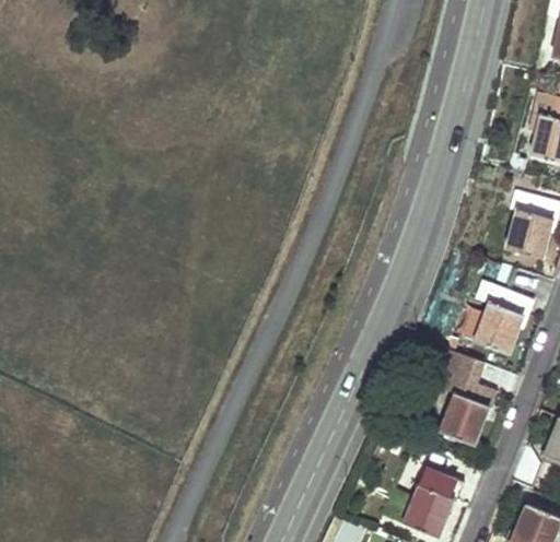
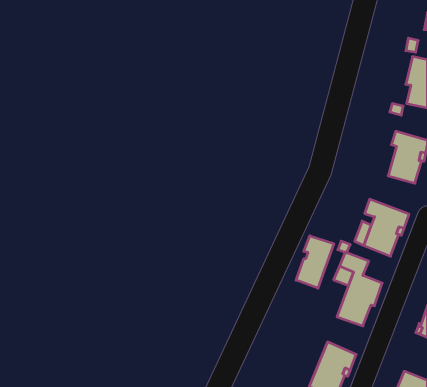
building: none -> [296,236,334,288]

